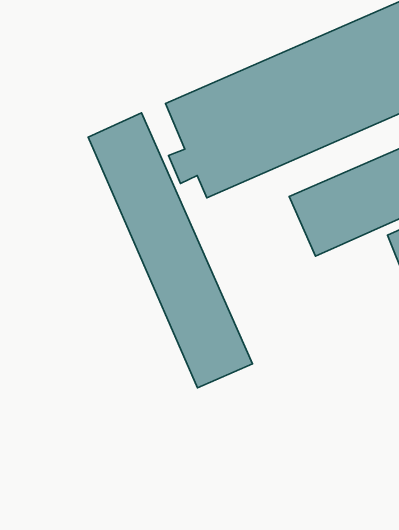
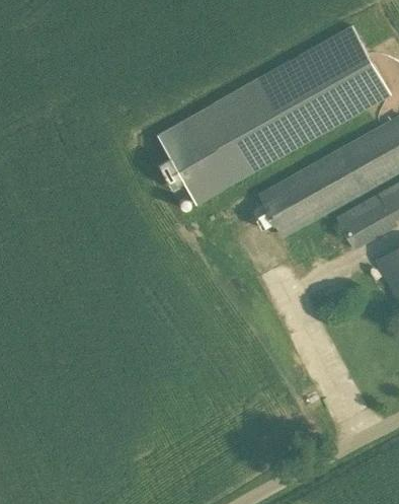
building: [88,113,252,388] -> none

